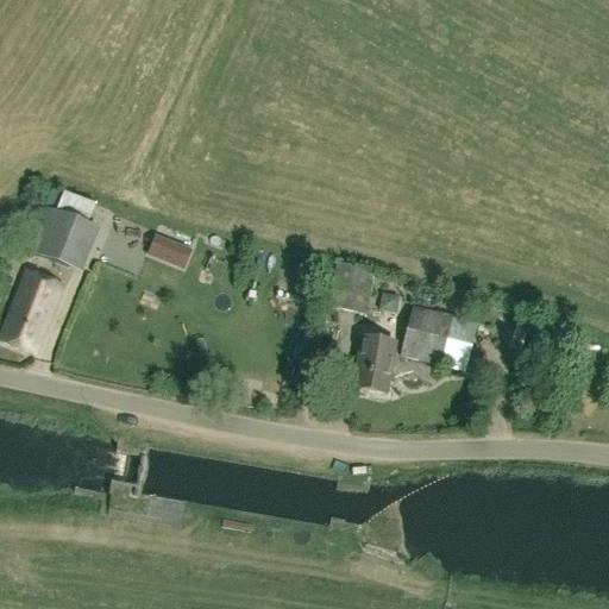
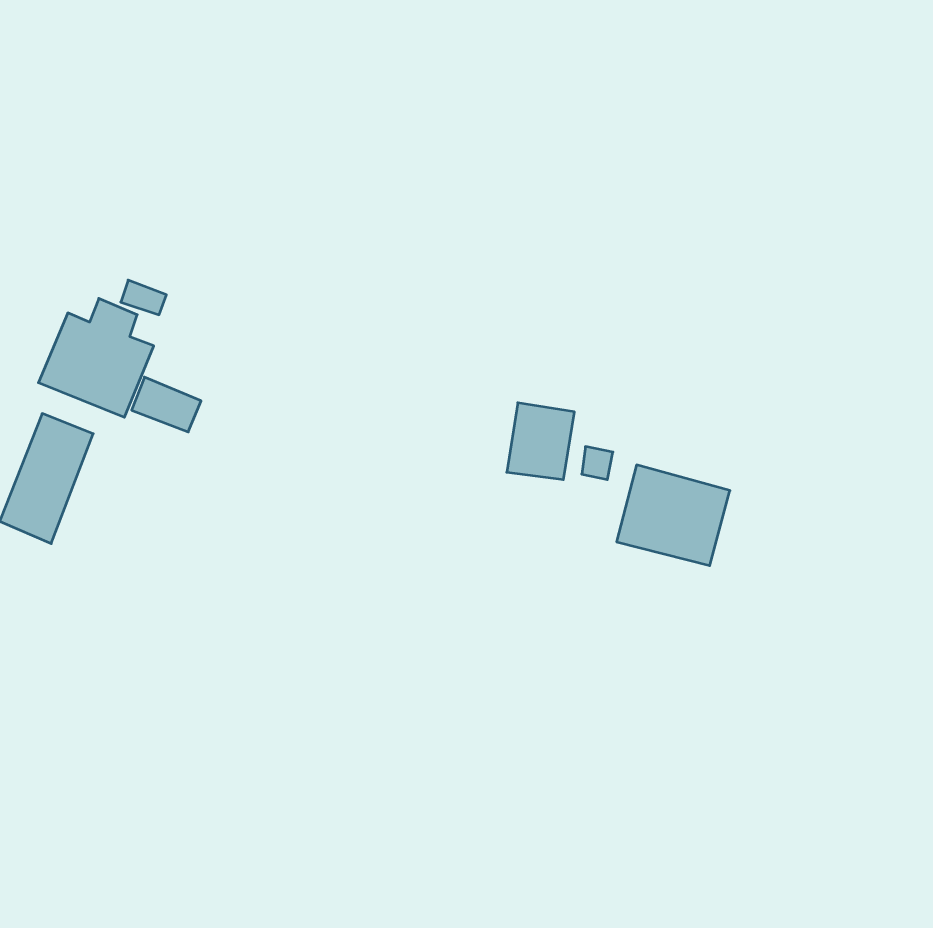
building: [147,232,193,268] -> [132,377,201,432]
building: [354,334,396,393] -> none

